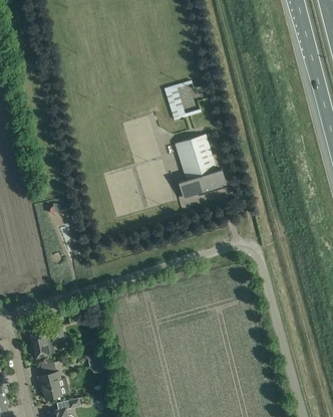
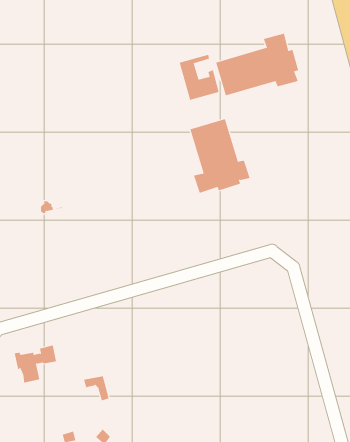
building: none -> [215,33,299,96]
building: [38,372,62,400] -> none

